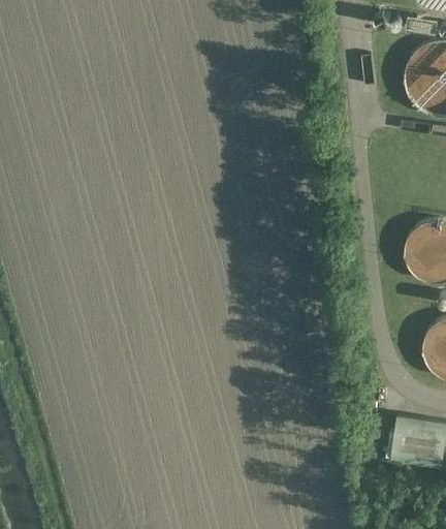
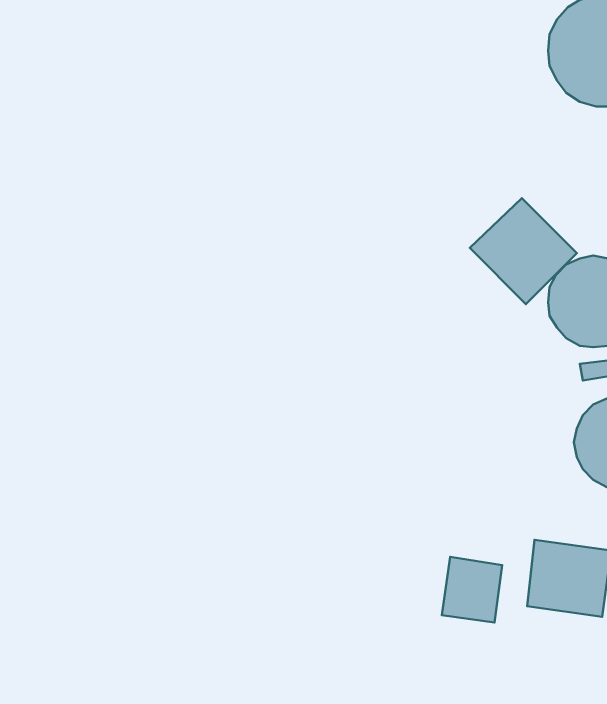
building: none -> [470,198,577,304]
building: none -> [442,557,502,623]

